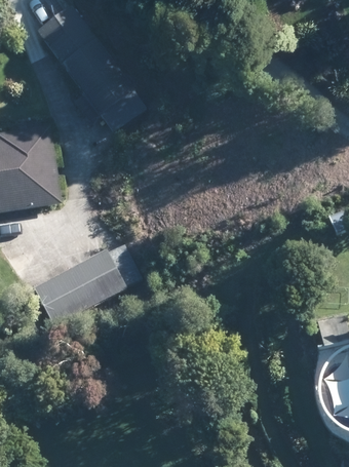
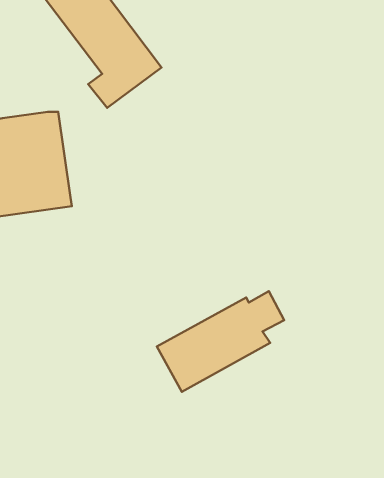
building: [33,244,137,326] -> [157,291,284,392]

